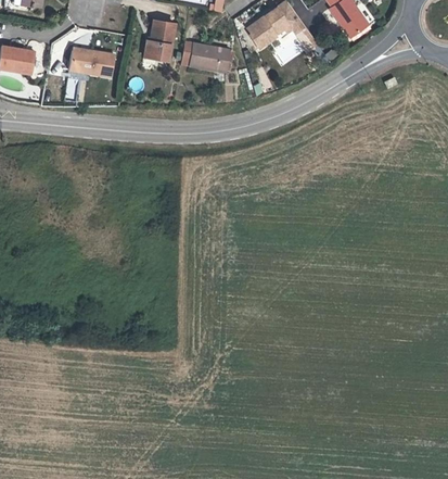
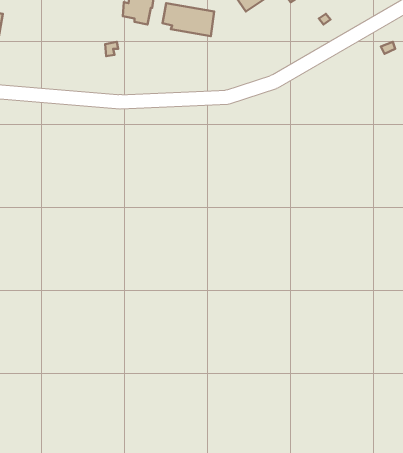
building: [69,50,114,77] -> none

